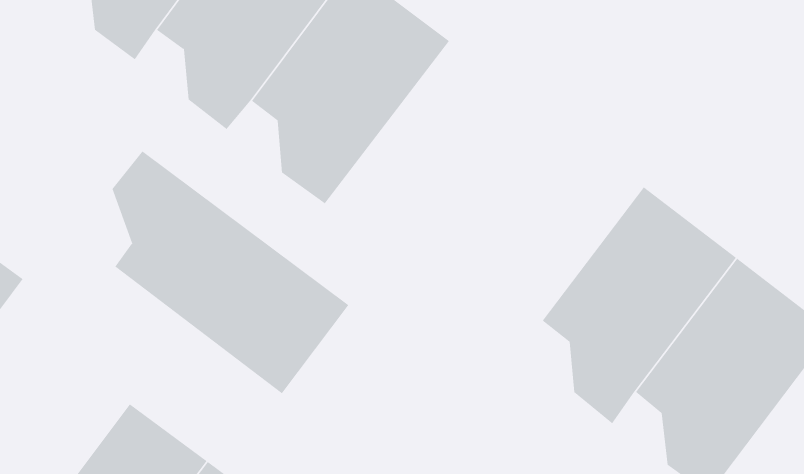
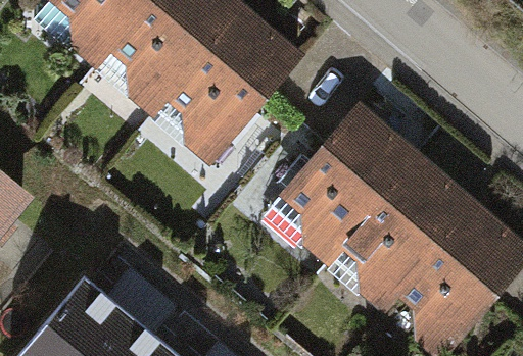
building: none -> [287,109,414,257]
building: [112,151,349,394] -> none

